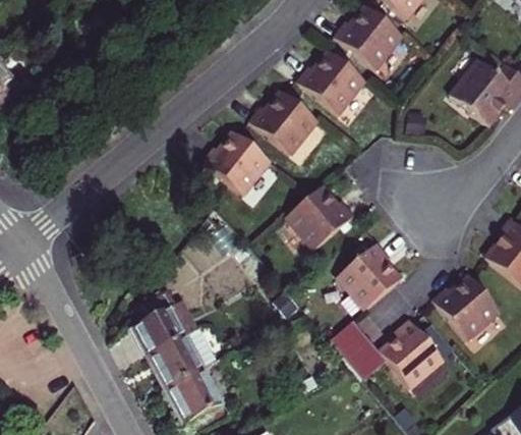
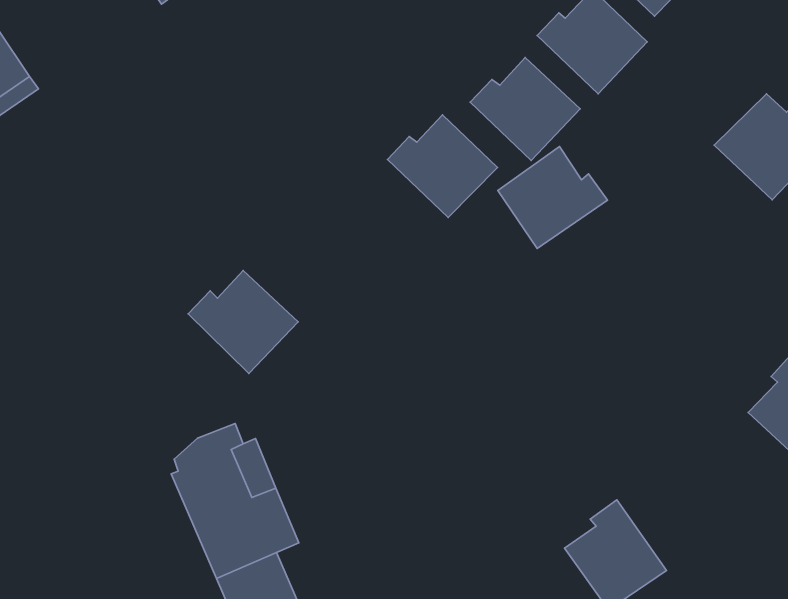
building: [202,131,271,195] -> [188,271,298,374]
building: [287,185,355,250] -> [498,146,608,249]
building: [337,242,401,310] -> none
building: [432,276,500,339] -> none
building: [332,322,386,380] -> none

